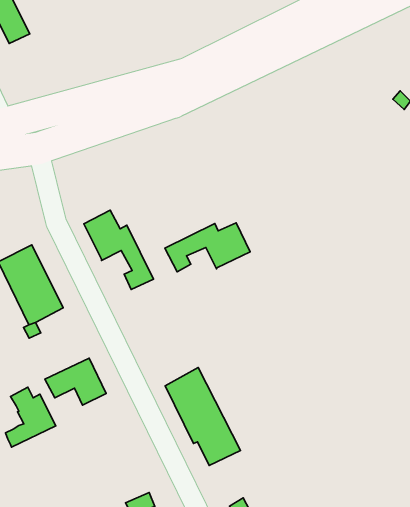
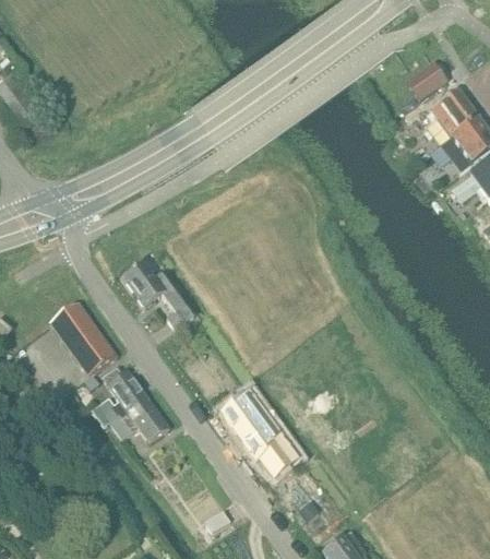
building: [165,223,250,272] -> none
building: [5,387,56,447] -> [103,367,148,424]

